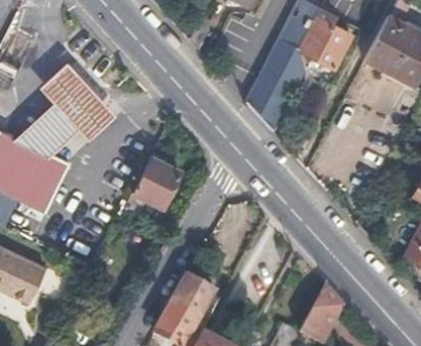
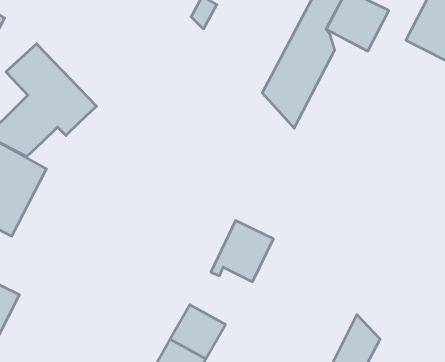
building: [127,157,179,208] -> [211,221,273,282]

